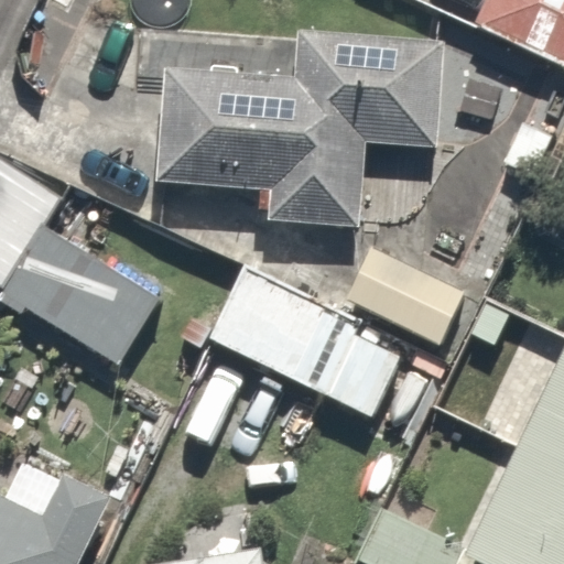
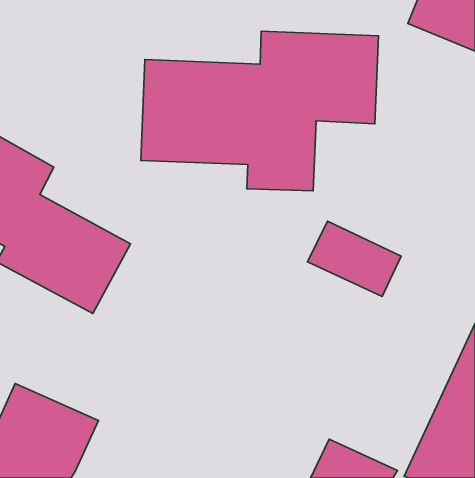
building: [200,263,423,434] -> none
building: [429,315,539,437] -> none

